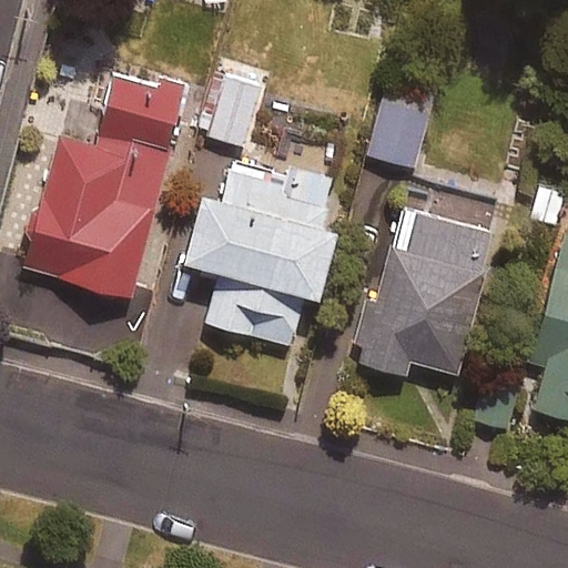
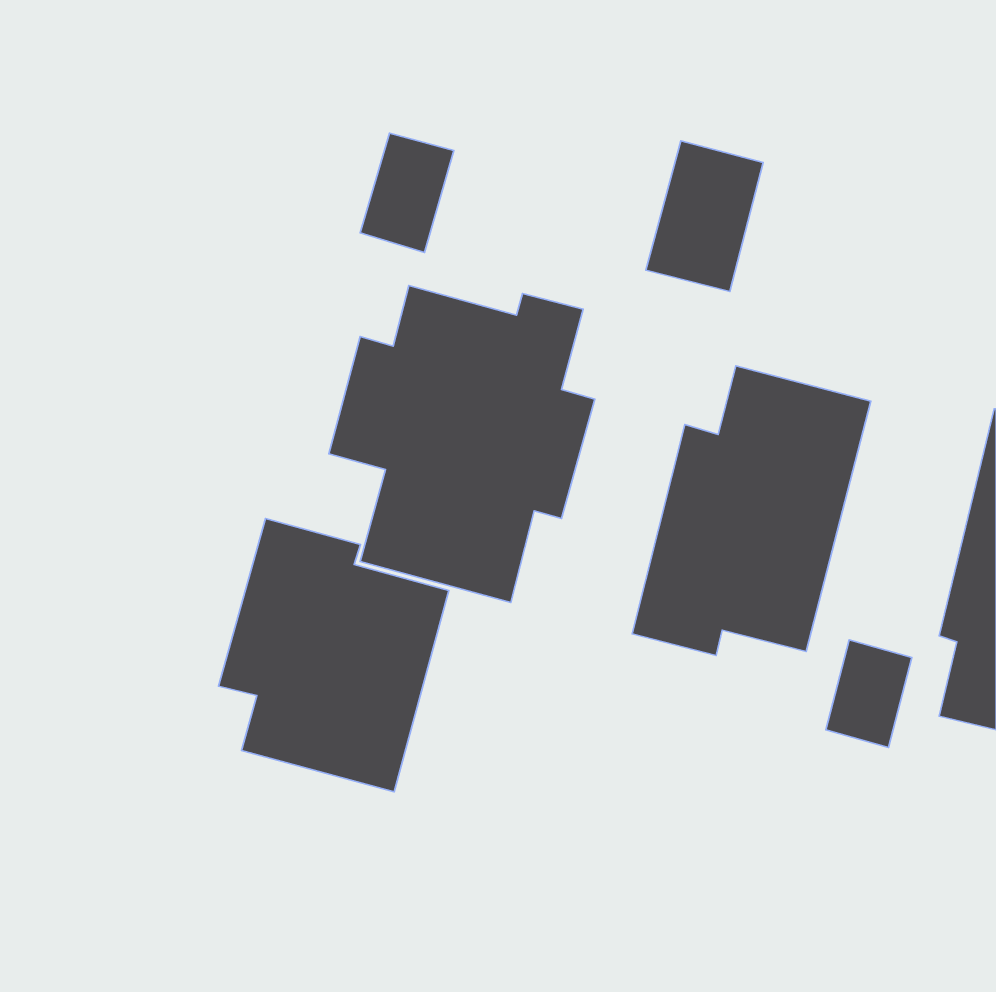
building: [22,72,185,297] -> none
building: none -> [219,519,449,792]

